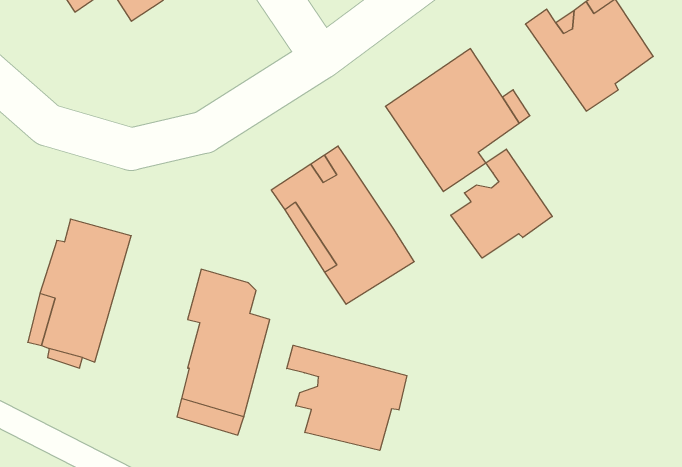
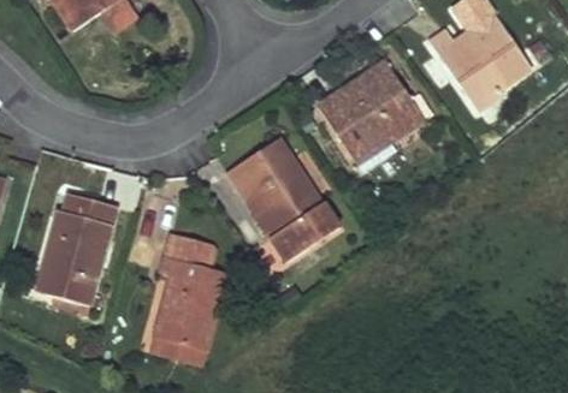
building: [451,149,552,258] -> none
building: [287,345,407,450] -> none

